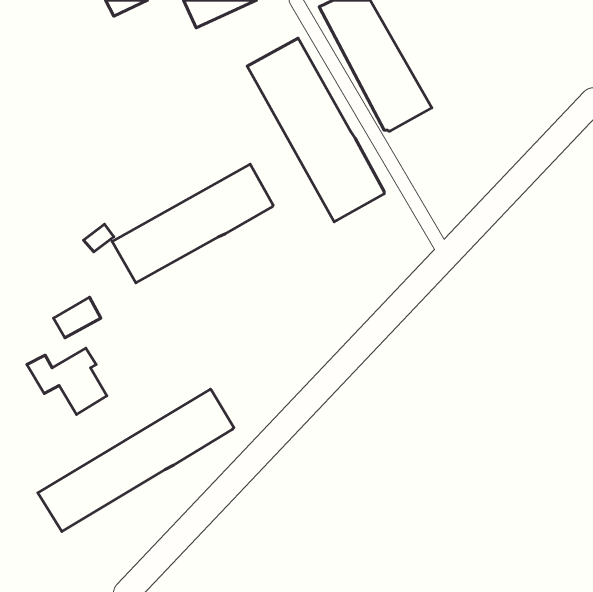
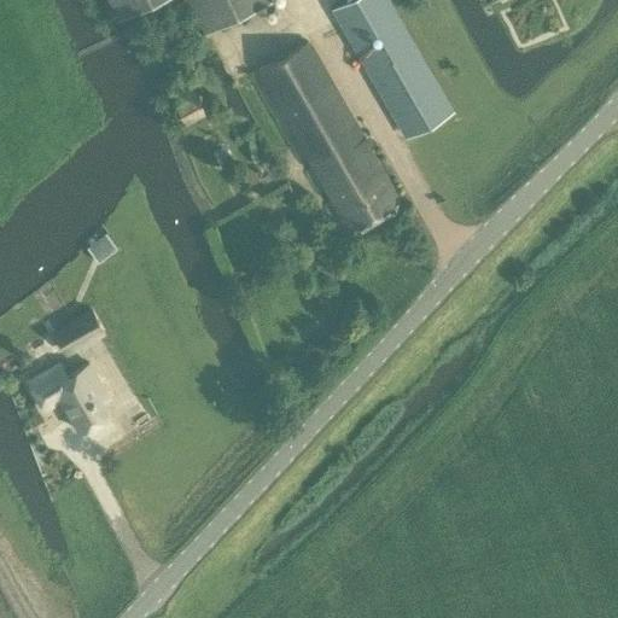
building: [112,164,273,283] -> none
building: [38,389,234,531] -> none

